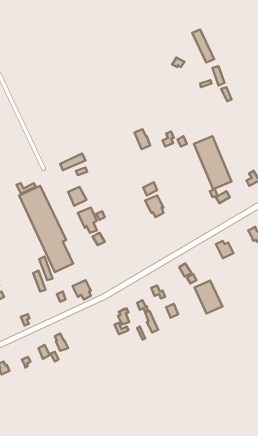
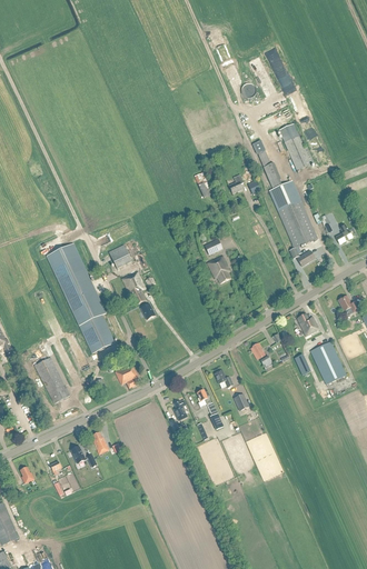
building: none -> [279,123,314,170]
building: none -> [34,357,70,402]
building: [194,280,222,314] -> [310,341,346,383]

